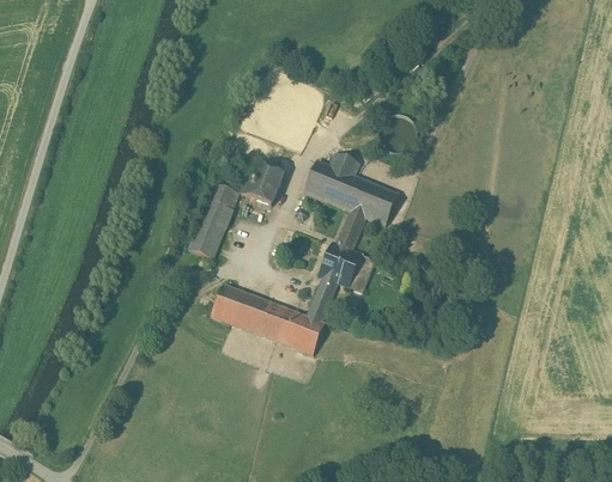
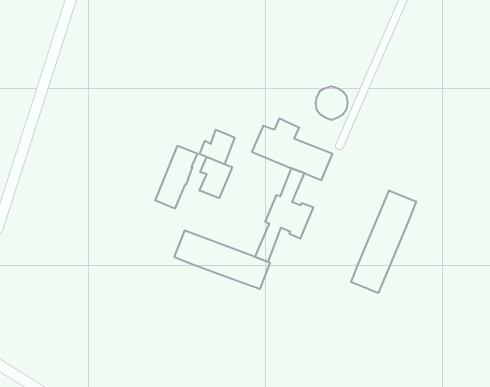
building: none -> [199,157,232,198]
building: none -> [351,190,416,293]

